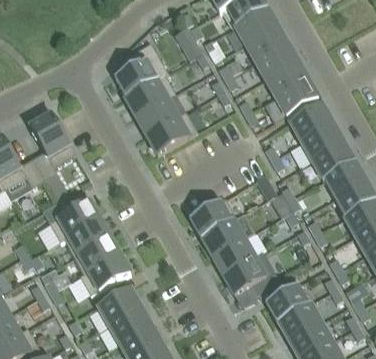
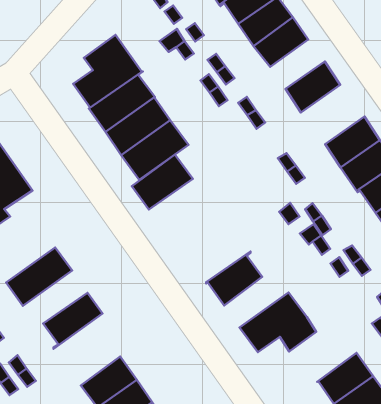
building: [265,60,307,96] -> none
building: [289,103,333,141] -> none
building: [189,197,236,237] -> [132,154,193,210]
building: [59,218,109,256] -> none
building: [212,237,262,274] -> none
building: [79,253,130,295] -> none
building: [265,283,309,322] -> none

